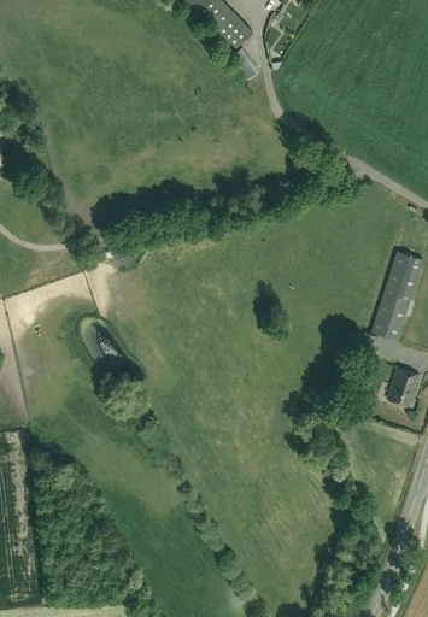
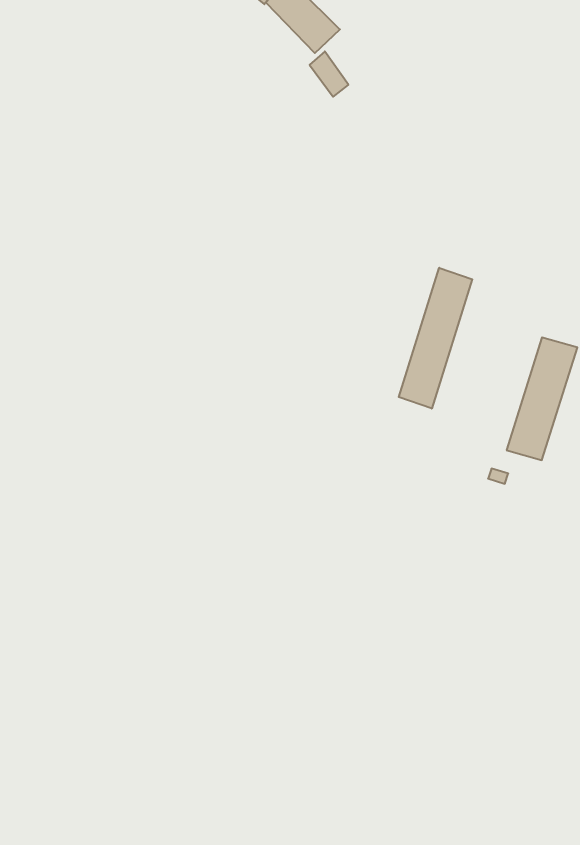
building: none -> [399,268,472,409]
building: [387,369,418,406] -> none

